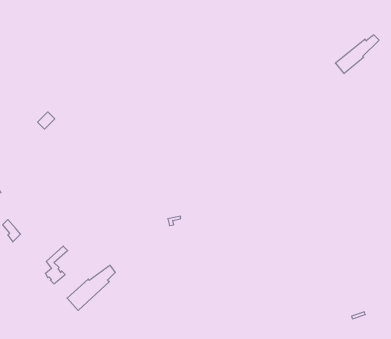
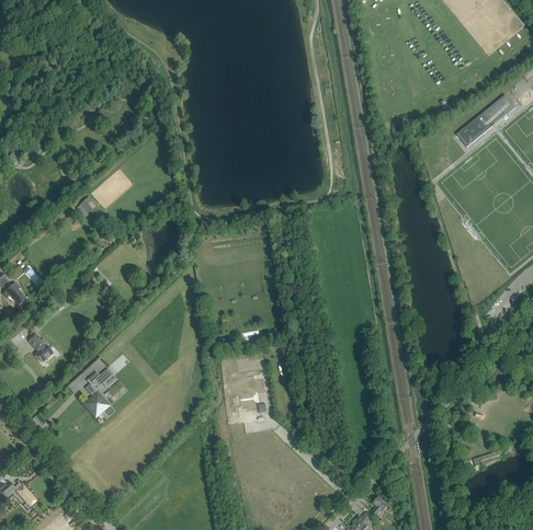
building: [67,265,115,310] -> none

